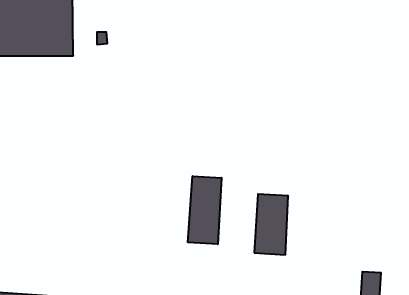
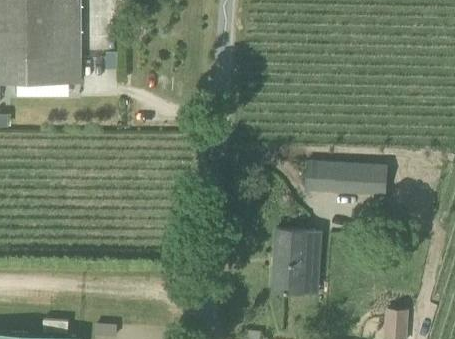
building: none -> [303,161,388,194]
building: [188,176,222,244] -> none

